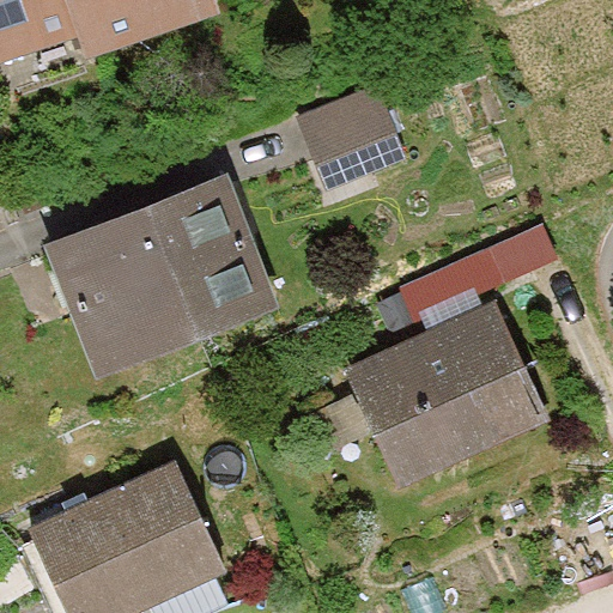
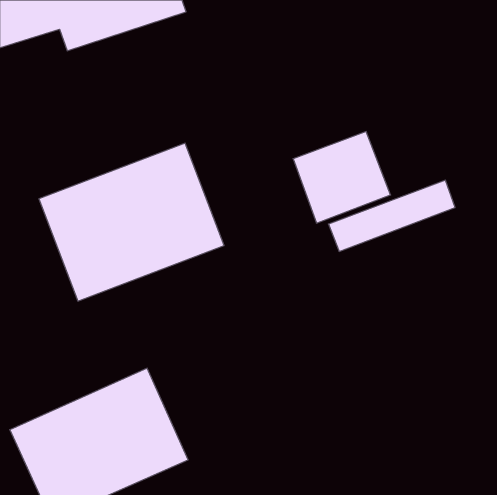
building: [293,83,413,195] -> [293,132,391,223]
building: [336,301,546,485] -> none

